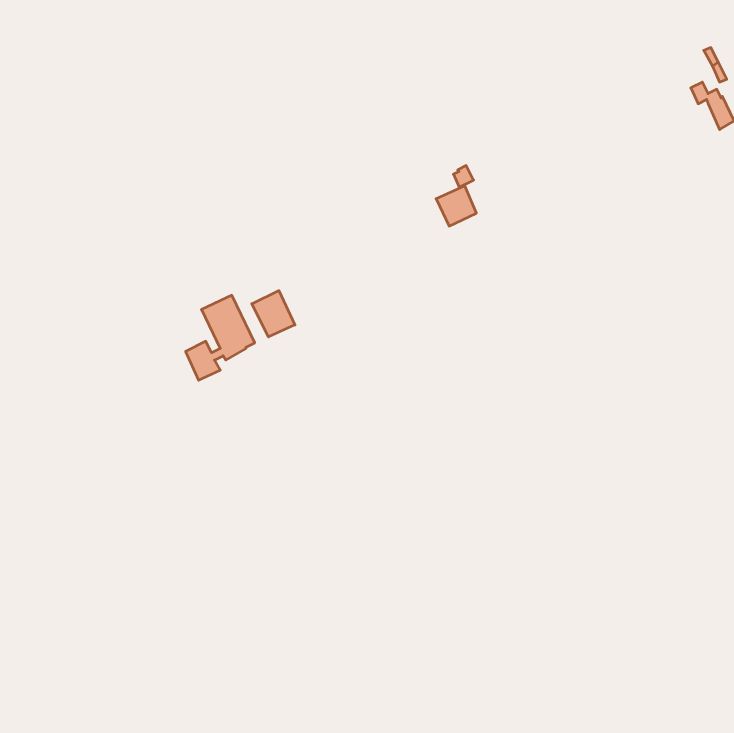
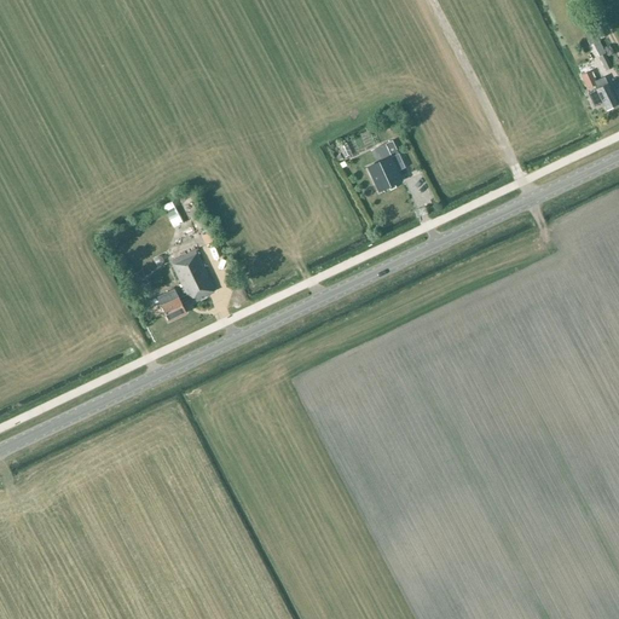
building: [252,291,295,337] -> none

